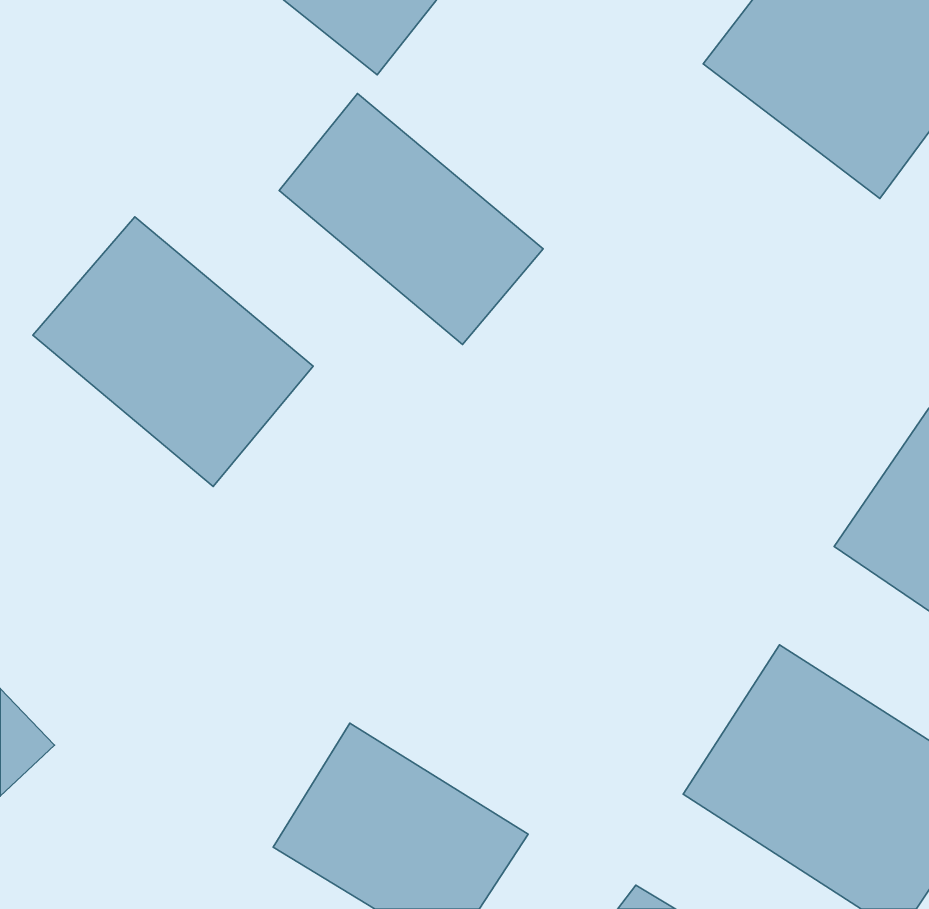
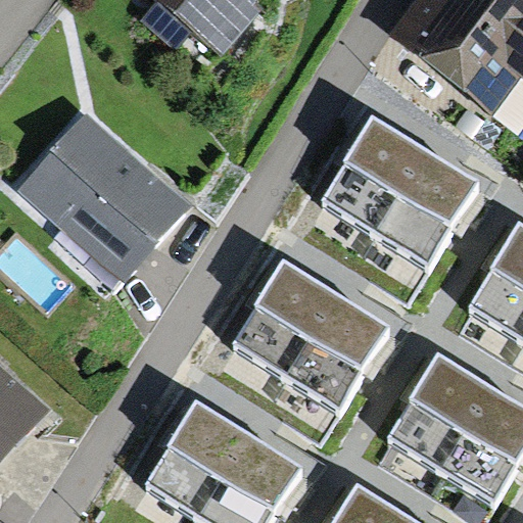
building: [279,93,543,344] -> none
building: none -> [317,126,474,282]
building: none -> [238,258,383,392]

